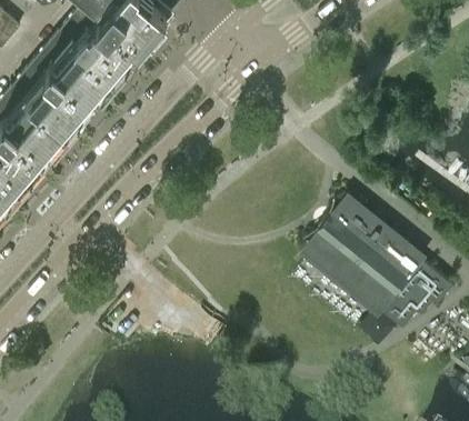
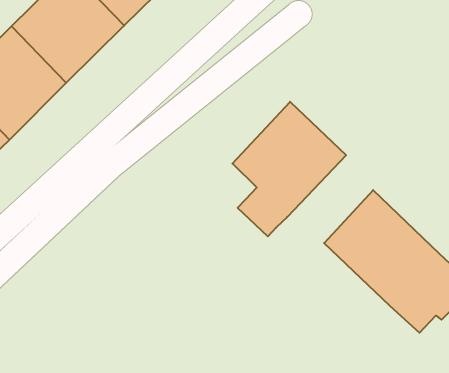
building: none -> [232,102,346,236]

